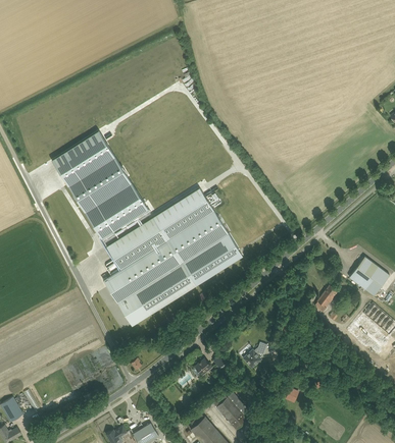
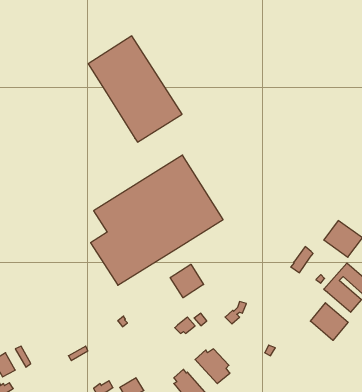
building: [52,131,151,243] -> [88,36,182,142]
building: none -> [170,264,204,298]
building: none -> [310,303,348,340]

